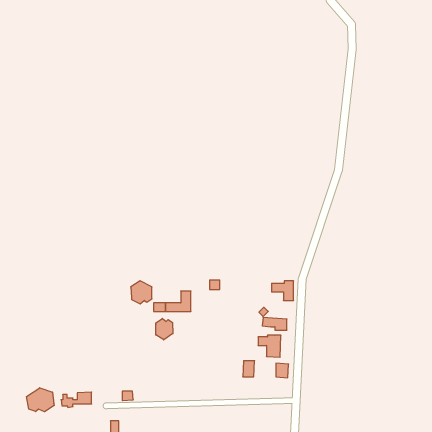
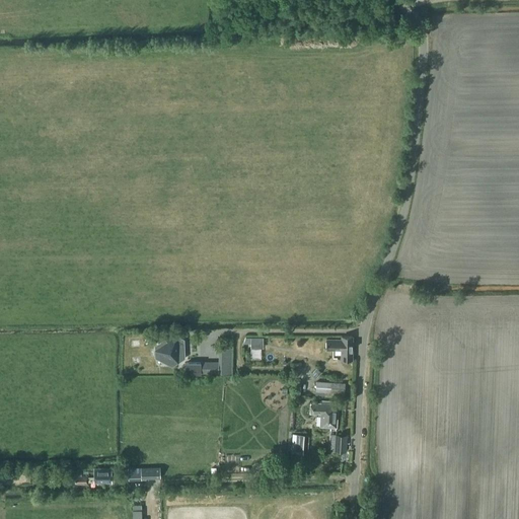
building: [156,318,173,340] -> none
building: [26,388,54,412] -> none

